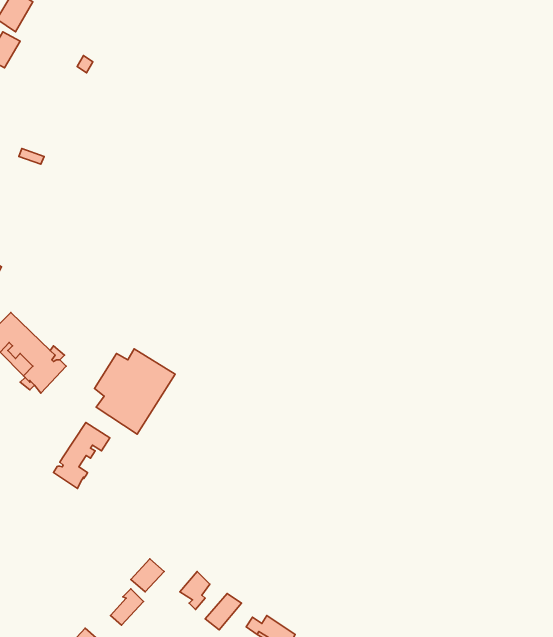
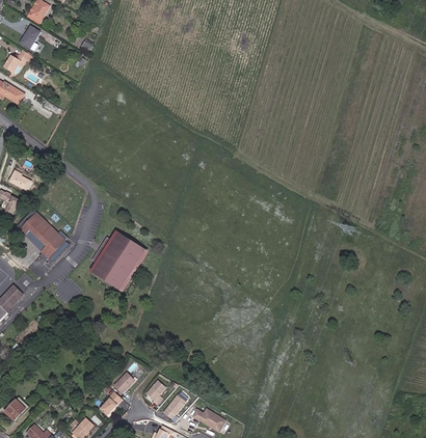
building: [53,423,110,489] -> none

